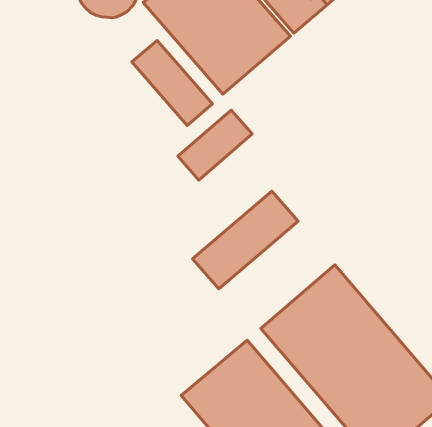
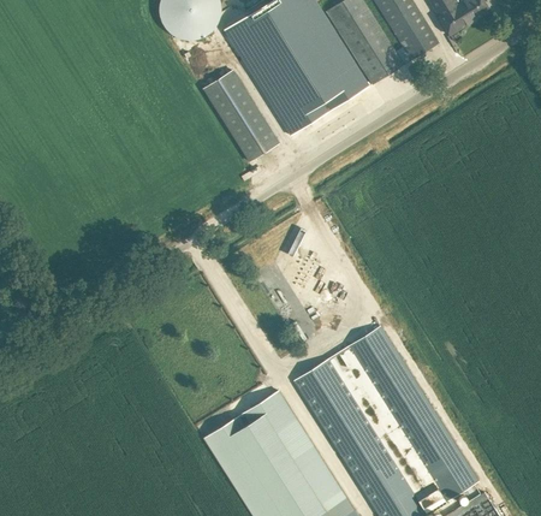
building: [178,110,252,180] -> none
building: [193,191,298,289] -> none

